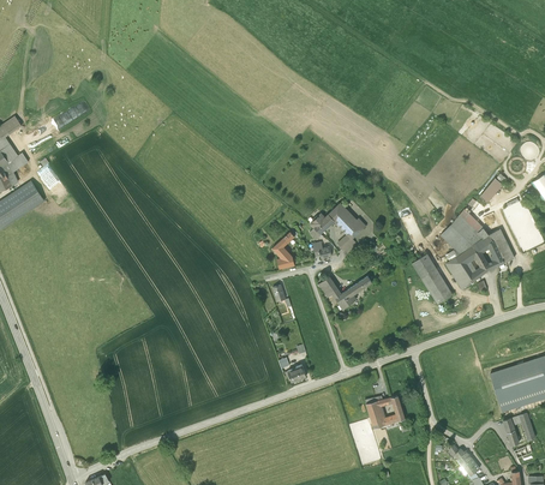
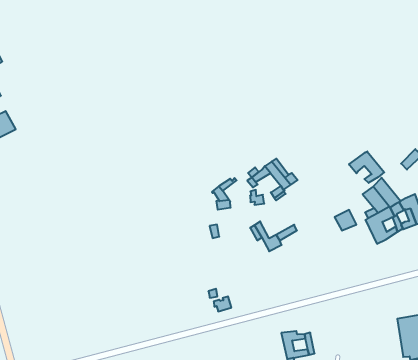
building: none -> [349,151,384,183]
building: [421,269,453,304] -> none

